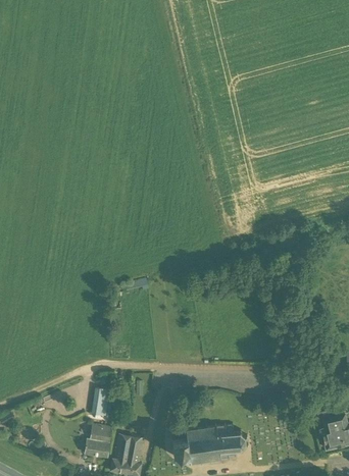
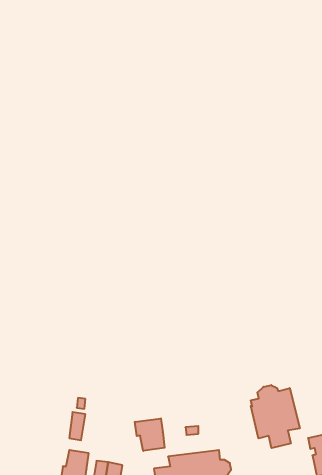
building: none -> [251,385,300,448]
building: none -> [135,418,165,451]

